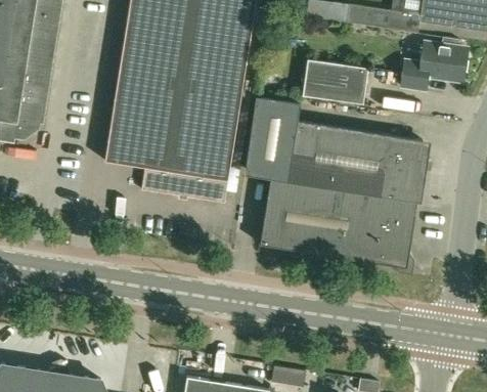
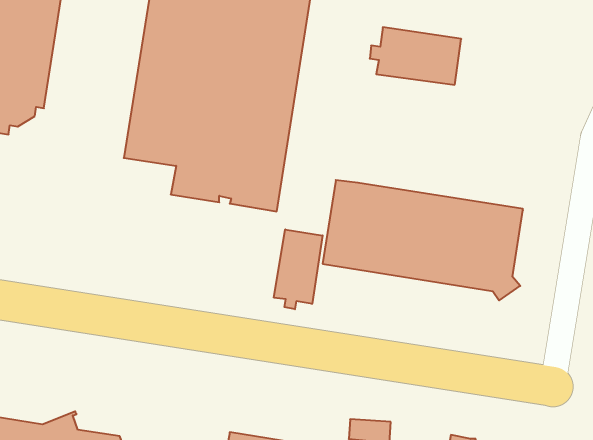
building: [400,43,467,89] -> none
building: [246,96,428,203] -> none
building: none -> [274,229,323,309]

